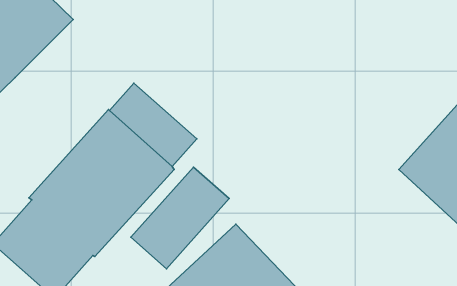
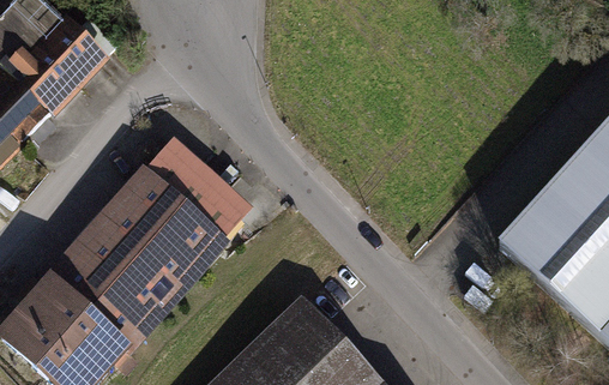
building: [131,167,229,269] -> none

